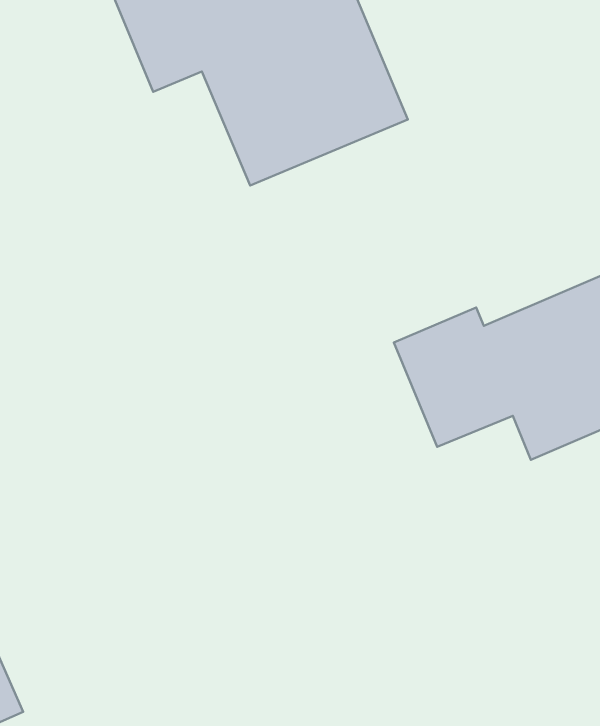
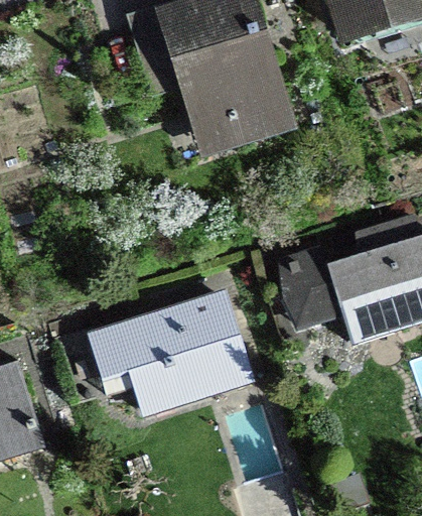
building: none -> [90,292,248,411]

